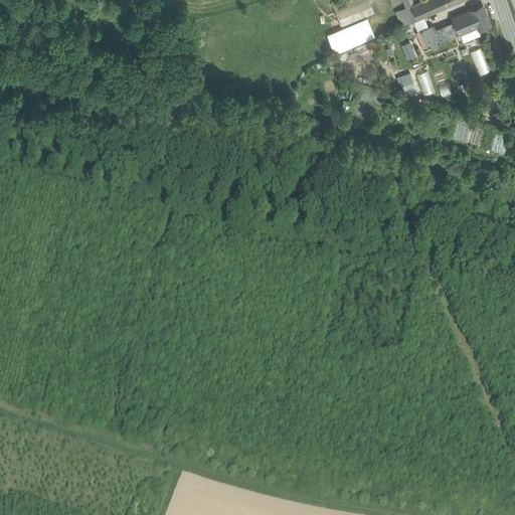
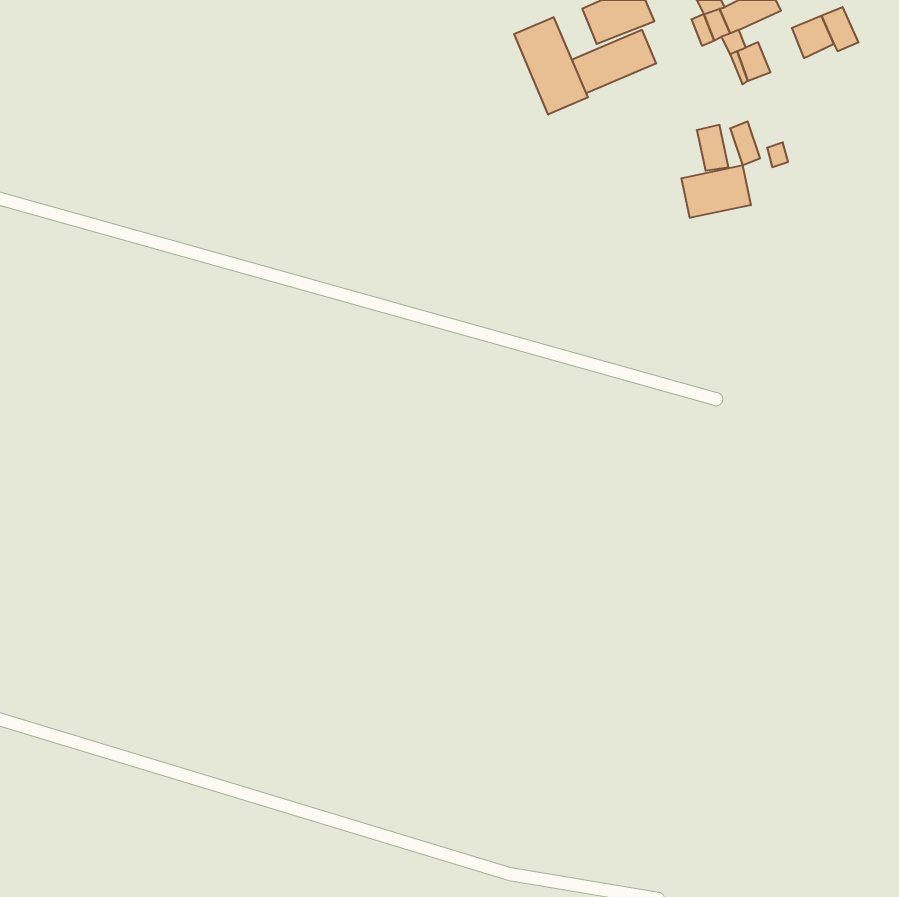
building: none -> [514,17,588,115]
building: none -> [682,165,751,218]

